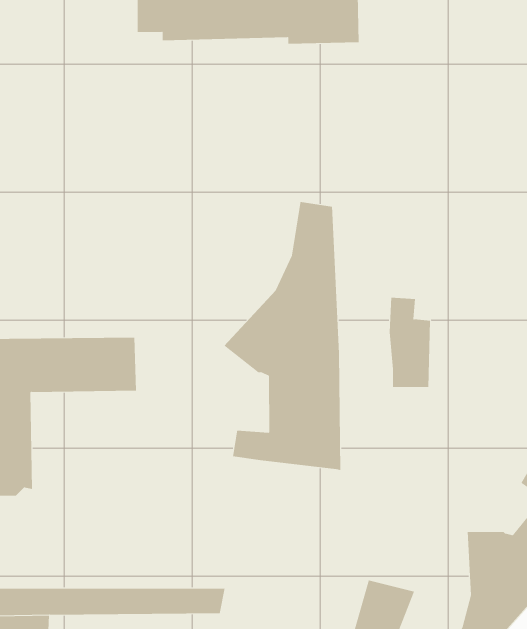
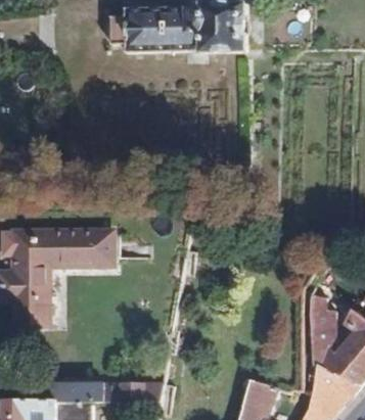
building: [223,201,341,471] -> none
building: [389,297,431,388] -> [310,294,335,349]

